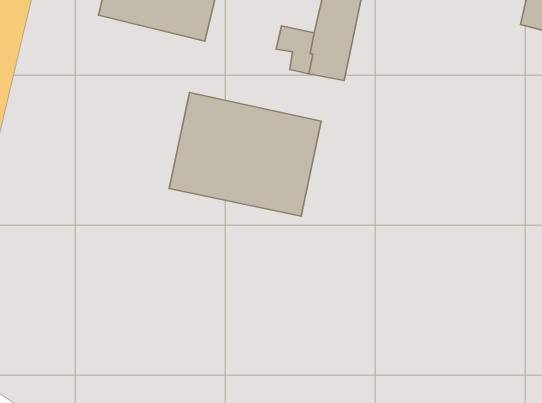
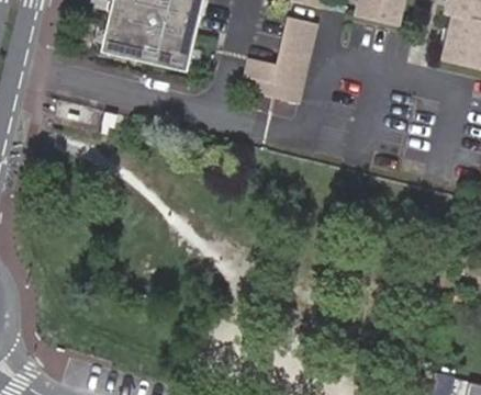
building: [169,93,321,216] -> none

